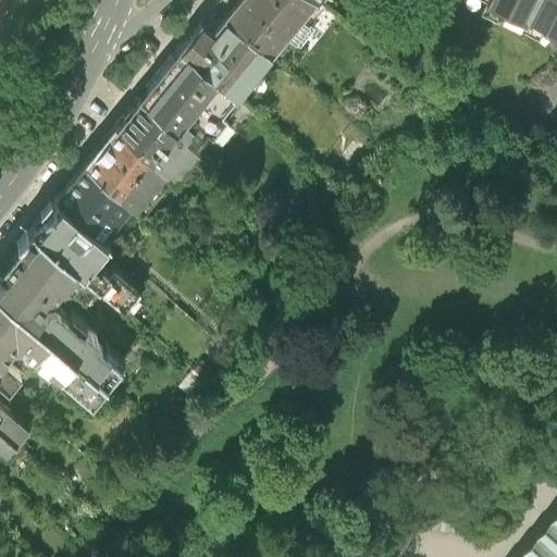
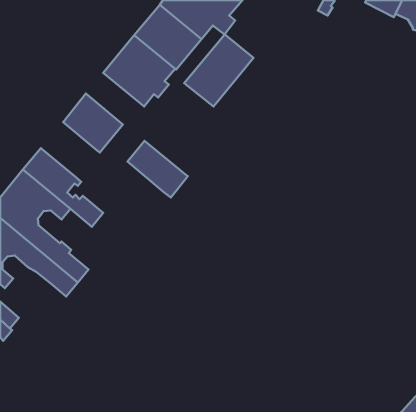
building: none -> [184,34,254,106]
building: [117,106,198,181] -> [127,141,188,197]
building: [58,171,133,244] -> none

